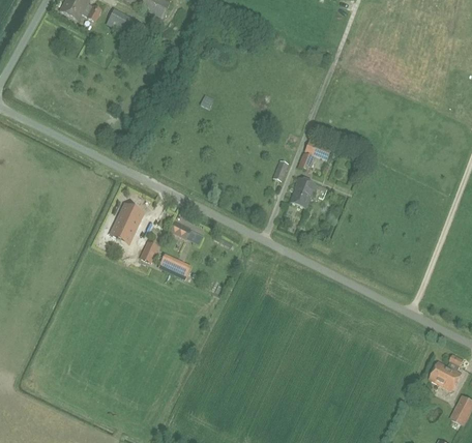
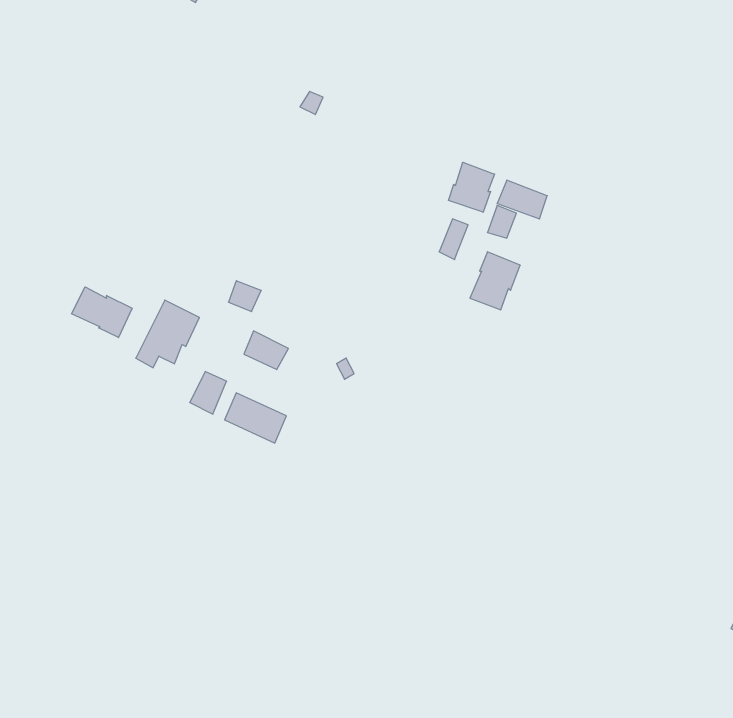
building: none -> [448,162,495,212]
building: none -> [72,287,132,338]

